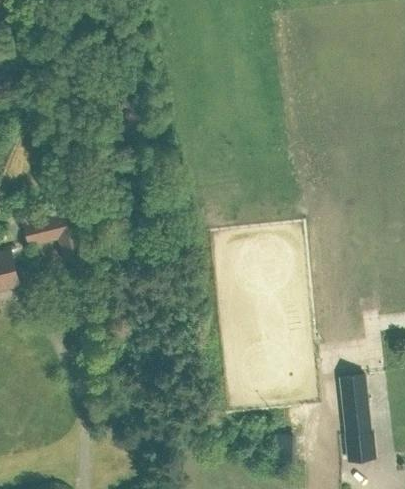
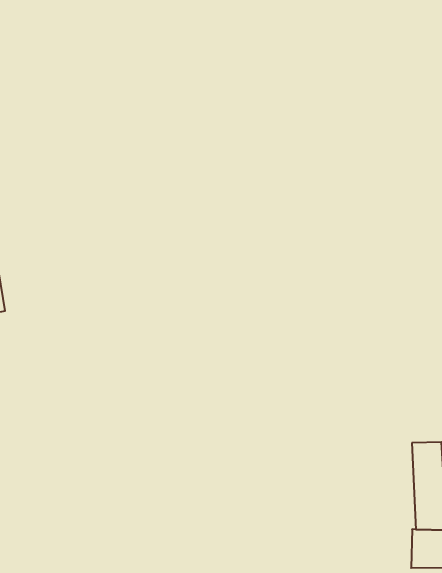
building: [26,212,79,248] -> none

